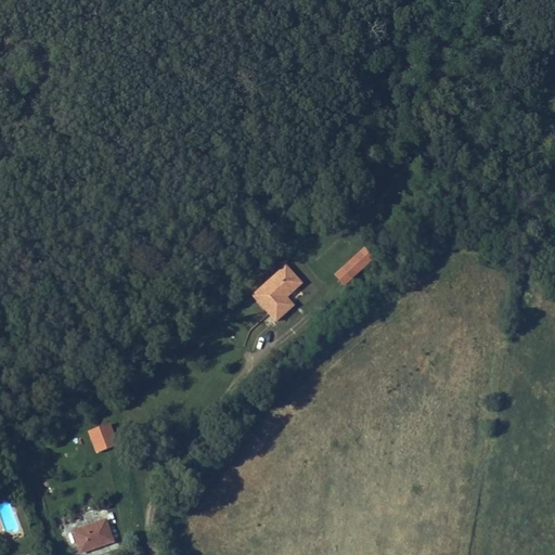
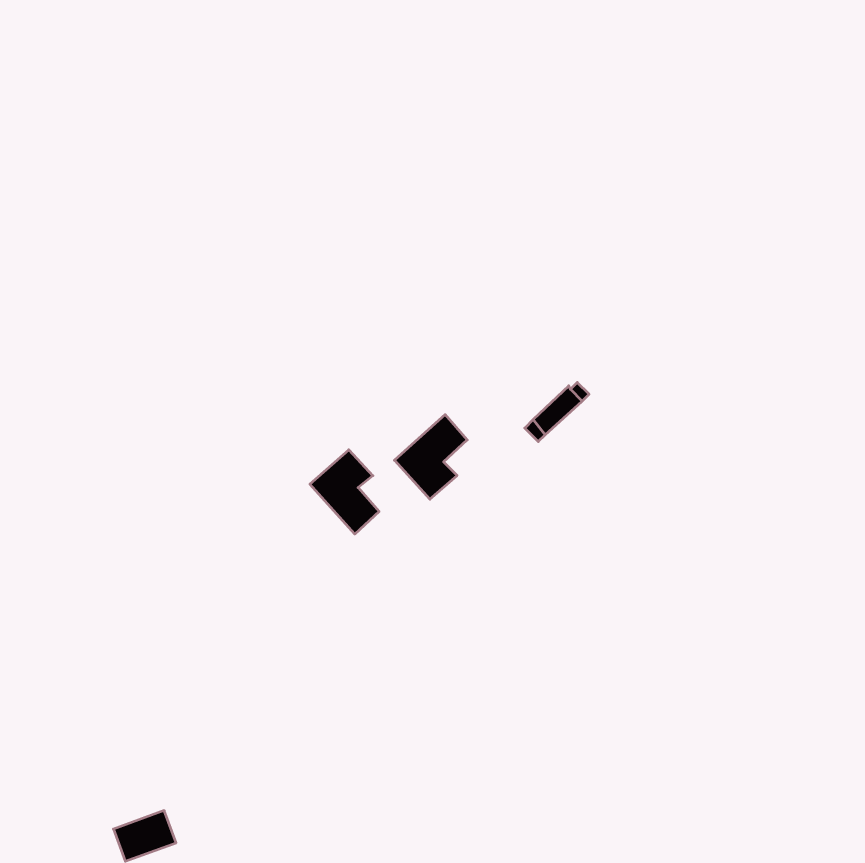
building: none -> [310,450,379,534]
building: [89,424,116,451] -> none

